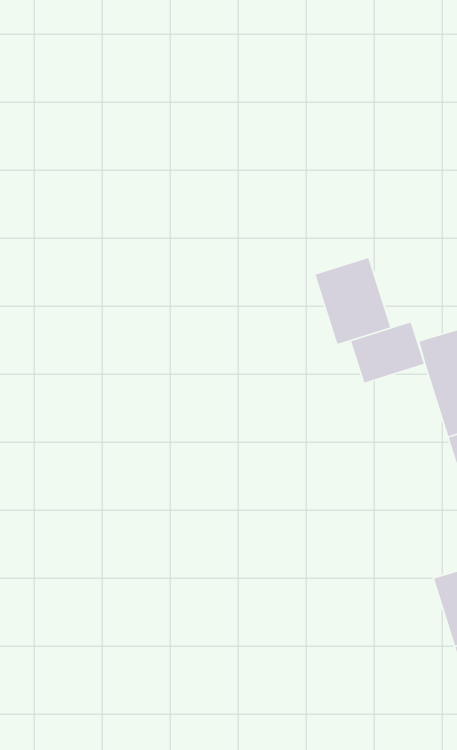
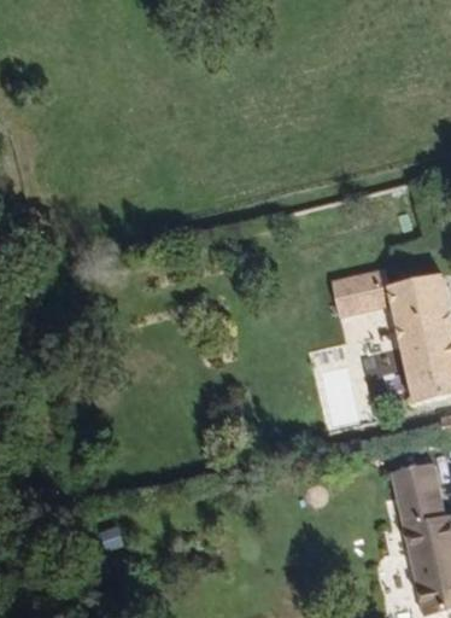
building: [315,257,391,345] -> none

